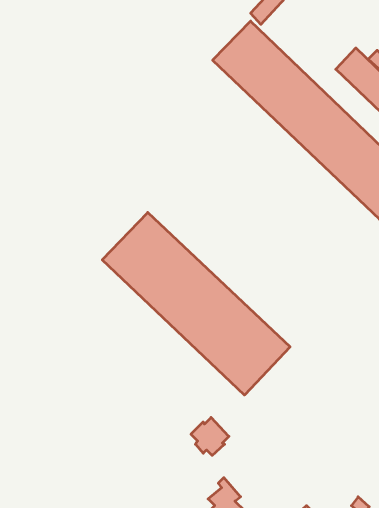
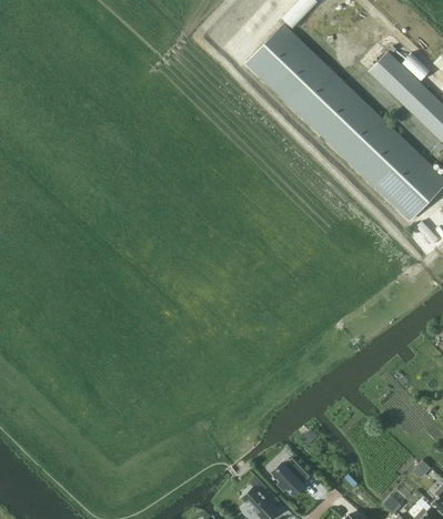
building: [102,212,290,395] -> none
building: [191,417,229,455] -> [272,458,310,496]

